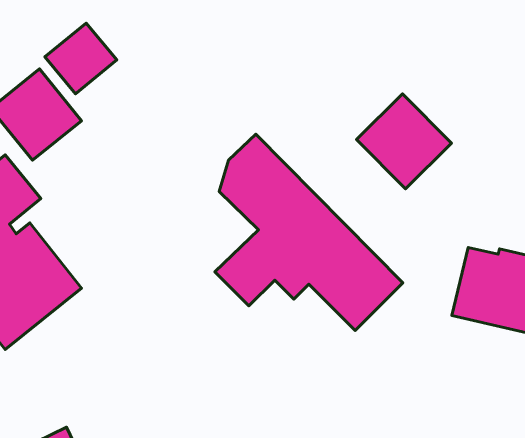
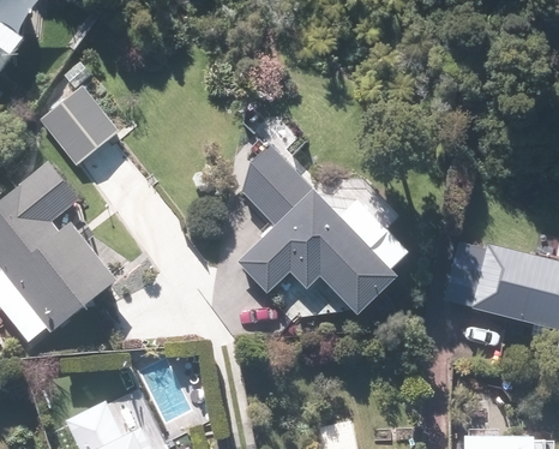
building: [45,23,117,94] -> none
building: [356,94,452,189] -> none

